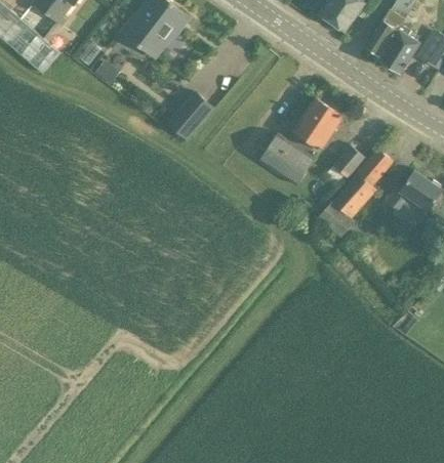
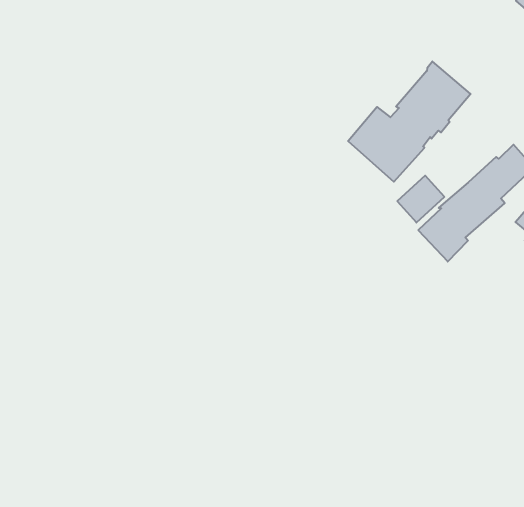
building: [167,93,213,140] -> none
building: [333,145,366,179] -> [397,176,444,223]

